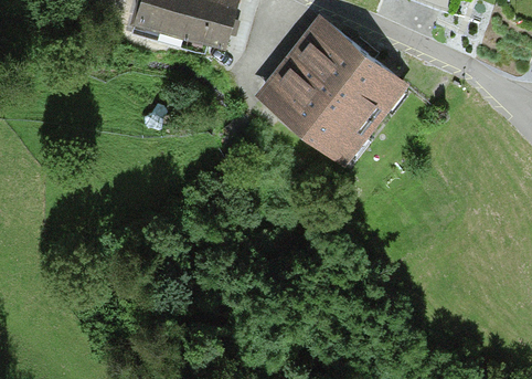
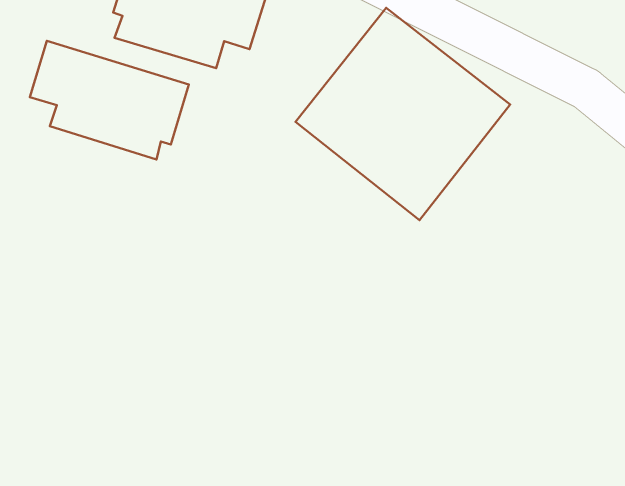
building: none -> [30,41,189,160]

